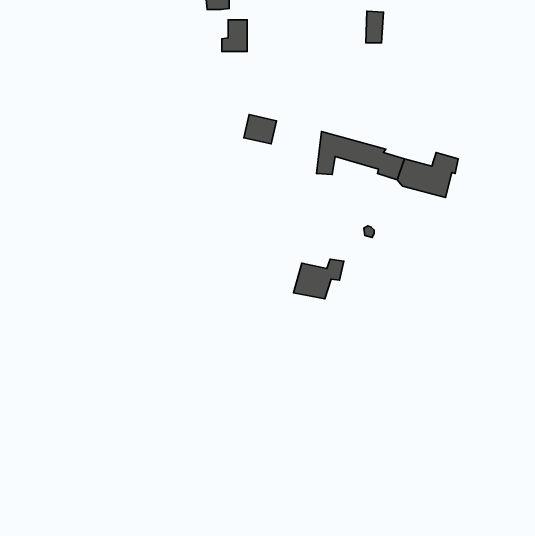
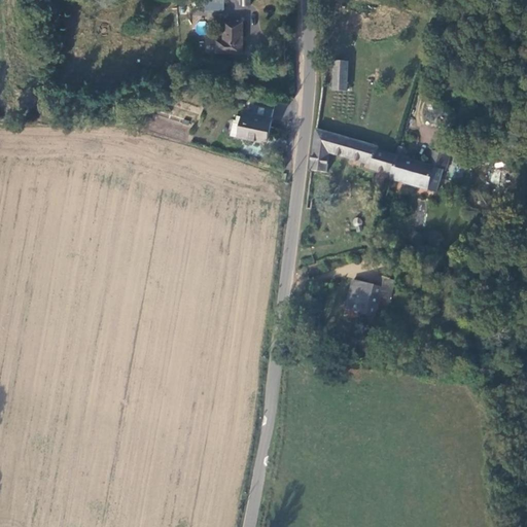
building: [366,11,384,43] -> [329,59,347,90]
building: [293,259,344,299] -> [346,277,395,316]

